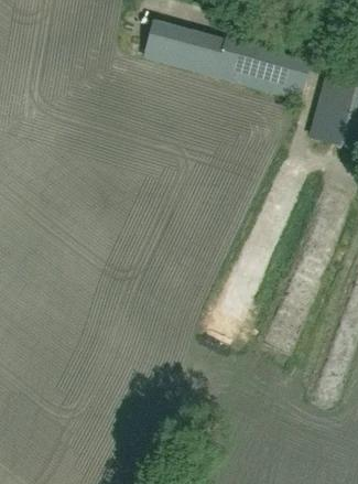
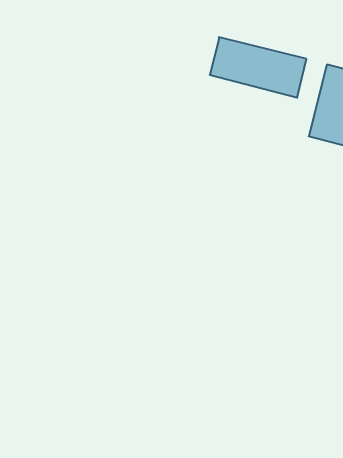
building: [143,22,225,75] -> none

